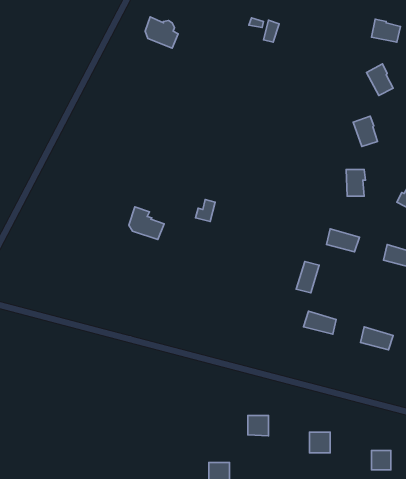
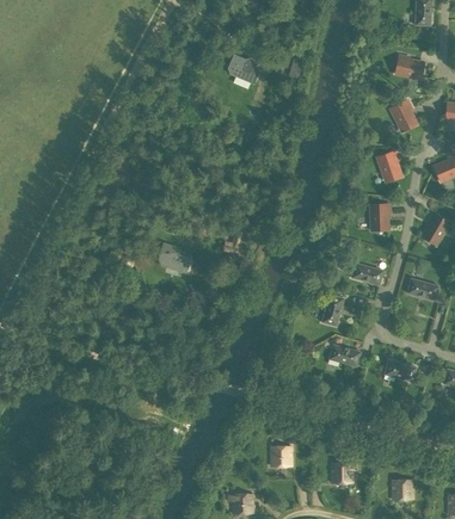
building: [145,17,178,48] -> [227,54,259,85]

